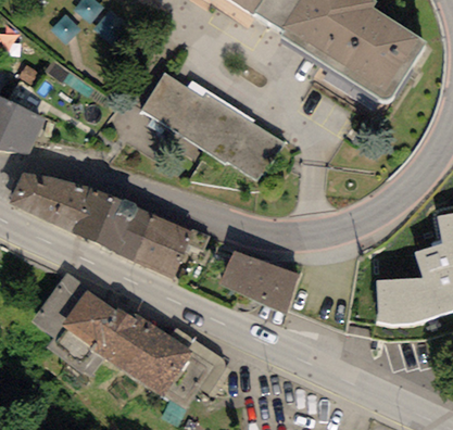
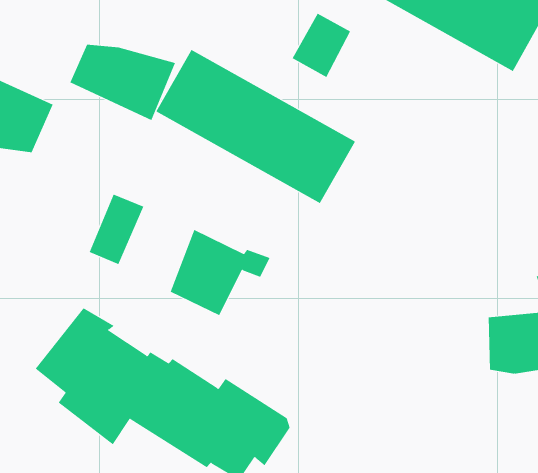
building: none -> [292,13,351,78]
building: [9,172,90,230] -> [69,44,176,121]
building: [95,195,152,261] -> none
building: [219,250,300,314] -> none

